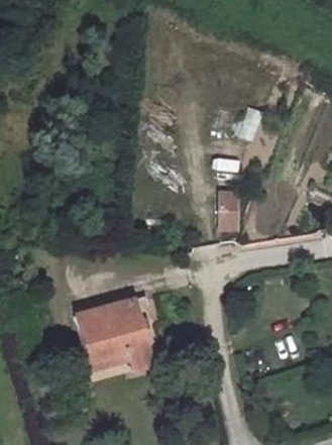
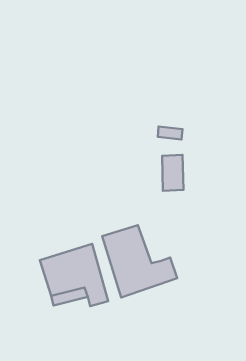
building: none -> [102,225,177,297]

